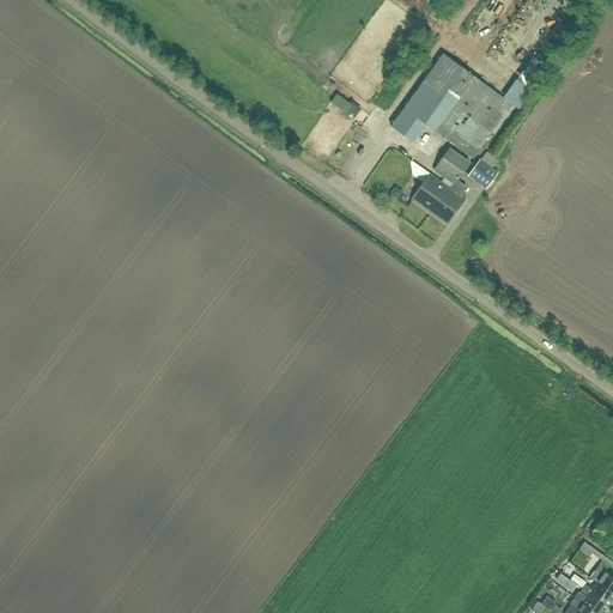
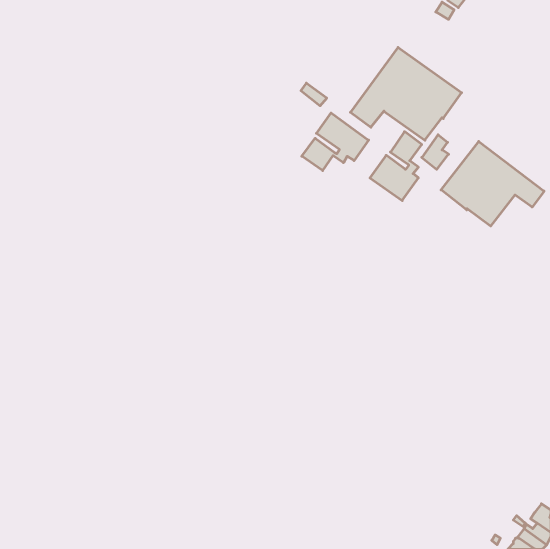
building: none -> [302,113,369,171]
building: none -> [441,141,544,226]

